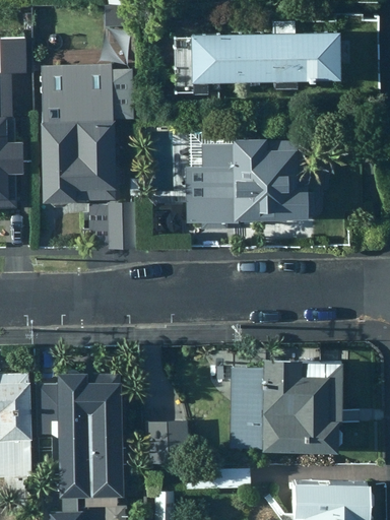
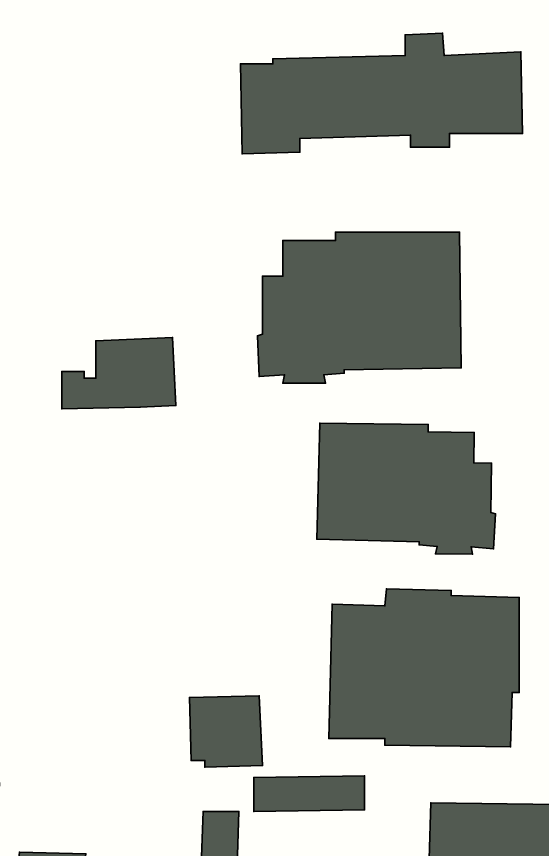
building: [42,65,135,205] -> none
building: none -> [317,423,495,554]
building: [56,368,122,494] -> none

